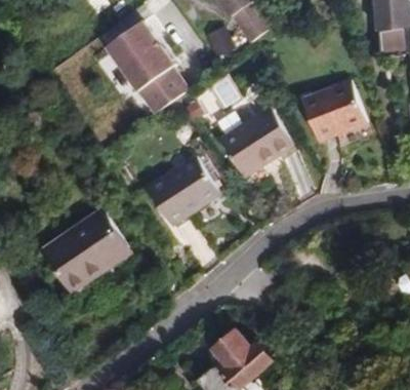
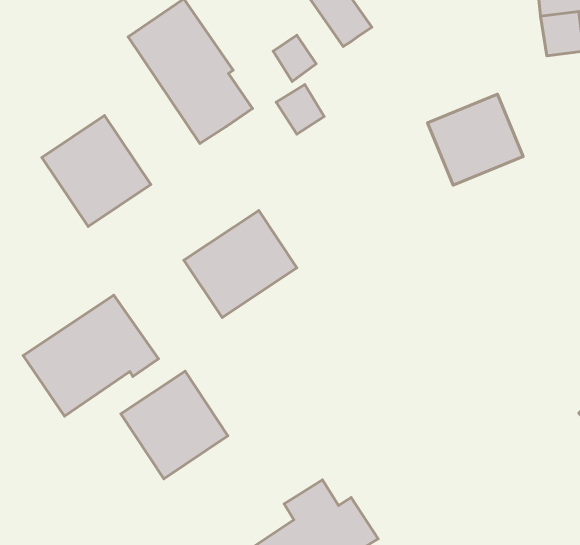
building: none -> [42,115,151,226]
building: [221,107,294,177] -> none
building: none -> [121,371,228,479]

